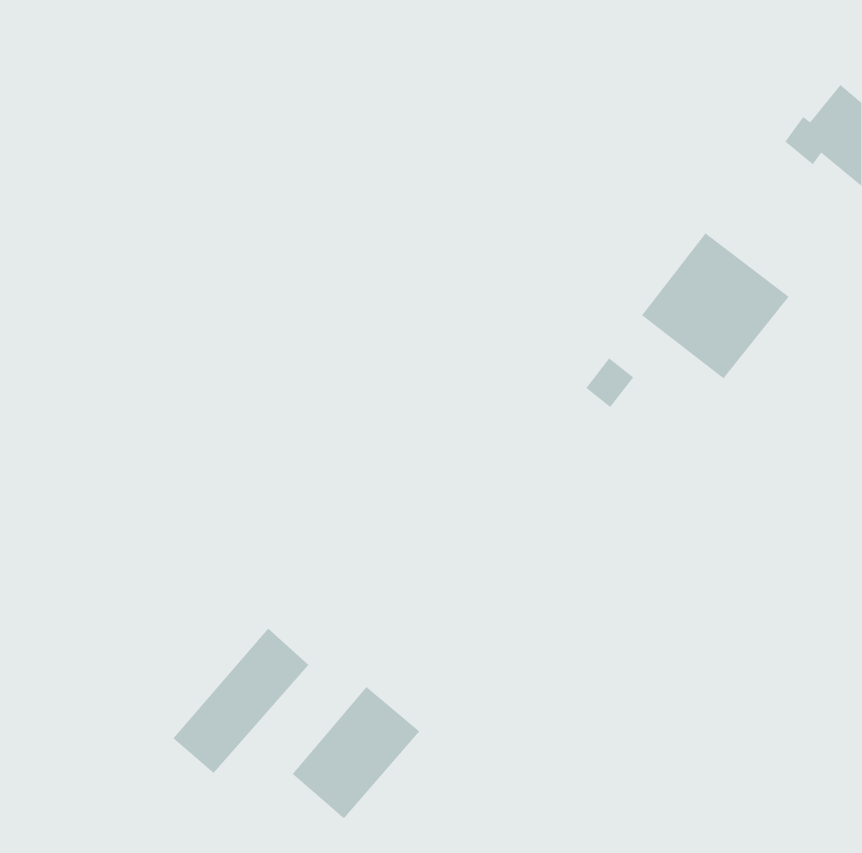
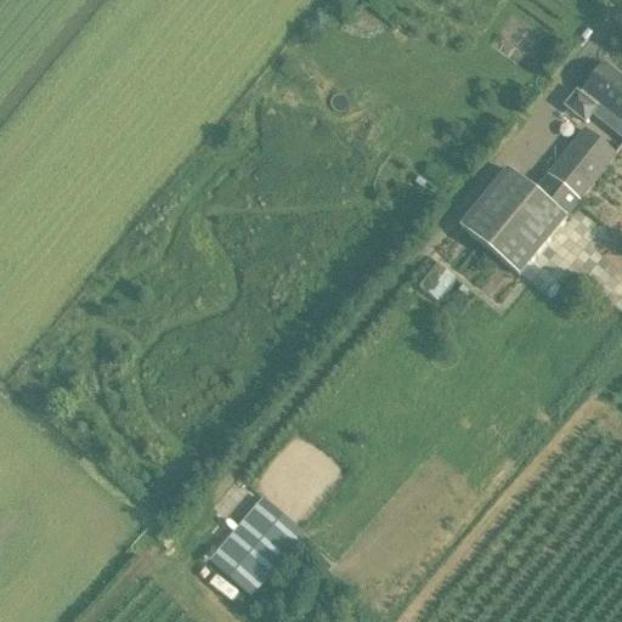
building: none -> [549,128,615,197]
building: [172,628,309,774] -> none

